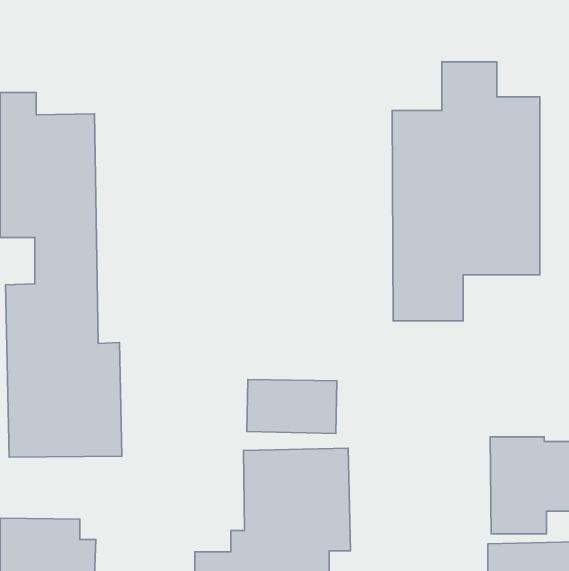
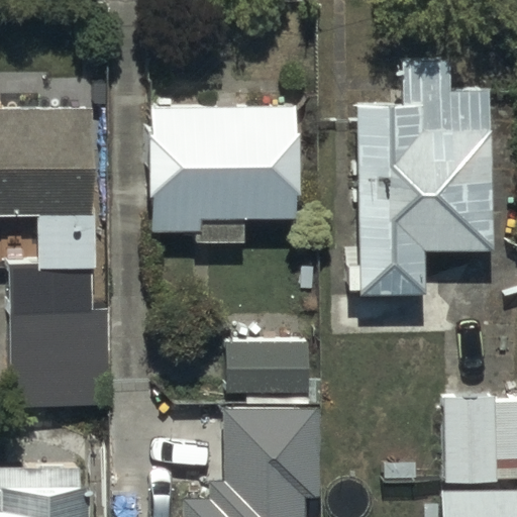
building: none -> [144,103,293,241]

